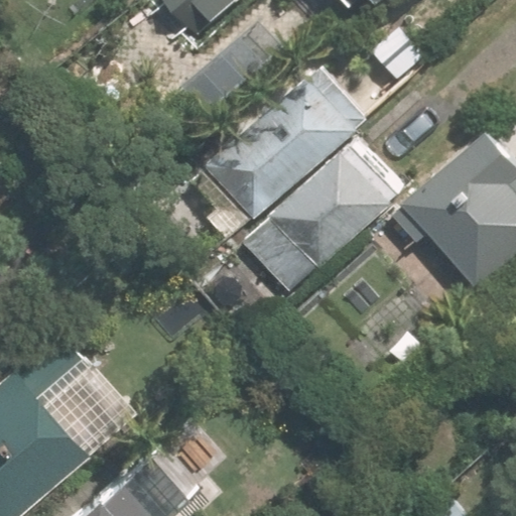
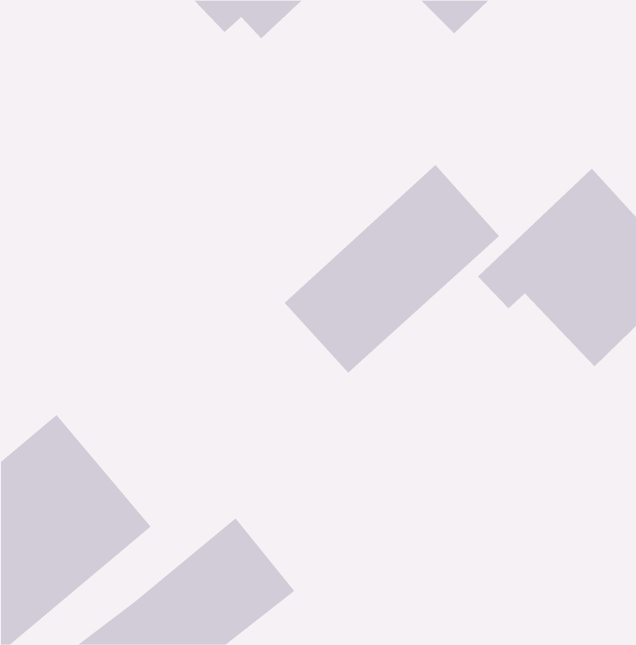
building: [204,64,369,242] -> none

